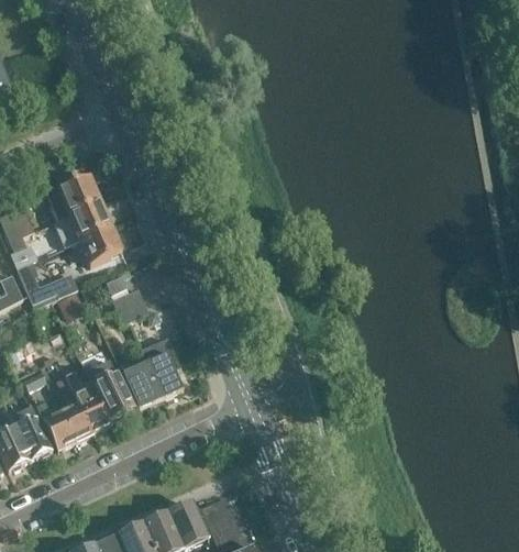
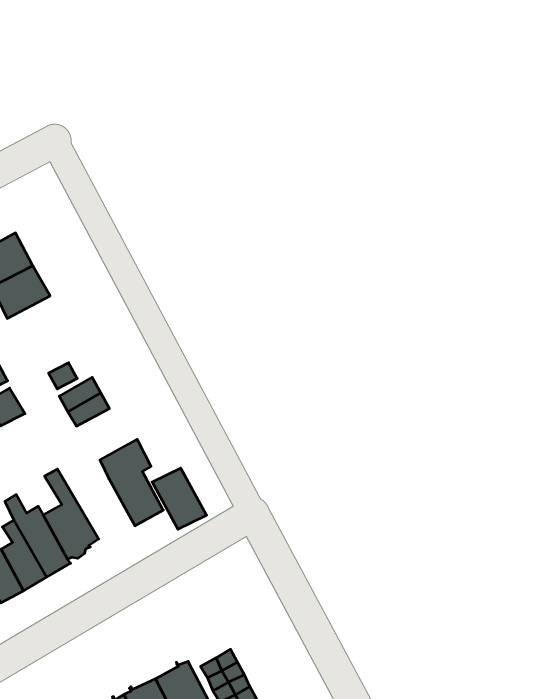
building: [78,224,122,264] -> none
building: [122,363,161,408] -> [152,468,207,529]

